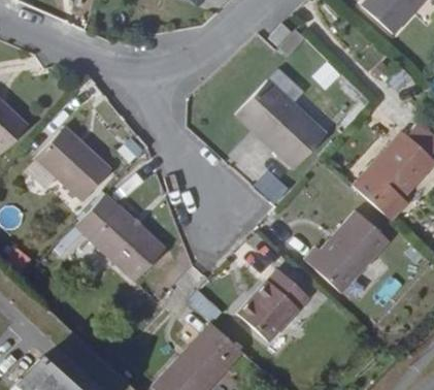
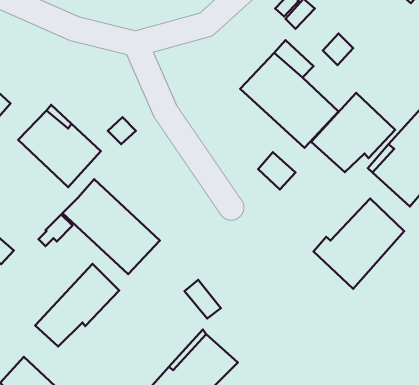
building: none -> [311,93,395,172]
building: [238,269,307,340] -> none
building: none -> [35,264,119,347]

